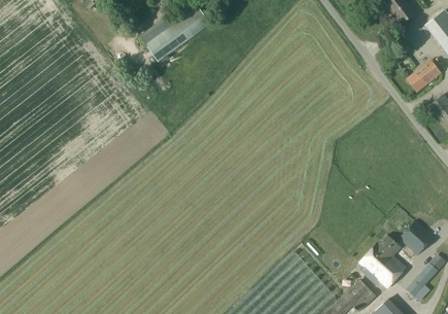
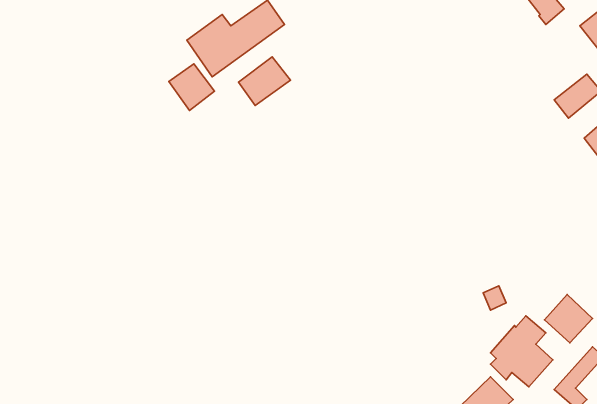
building: none -> [238,57,290,106]
building: none -> [169,64,214,110]

